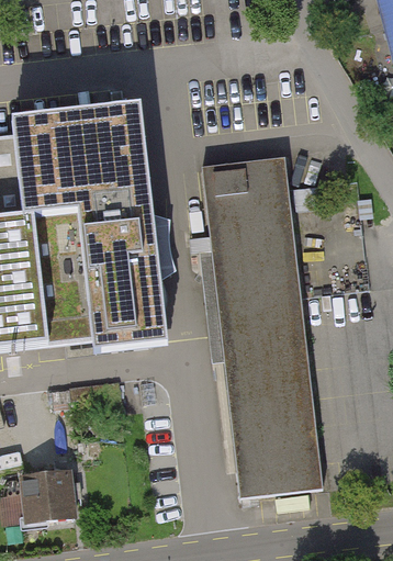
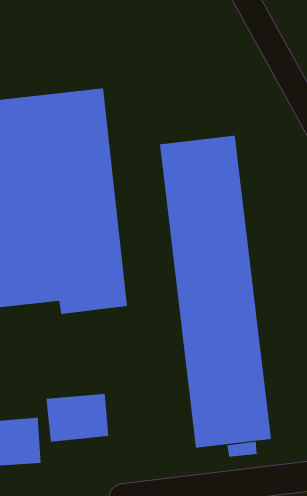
building: none -> [46,393,109,442]

